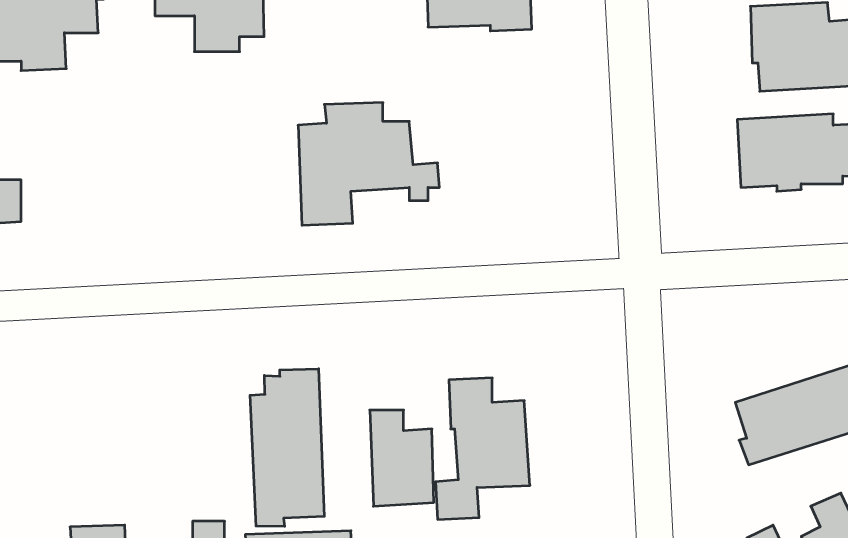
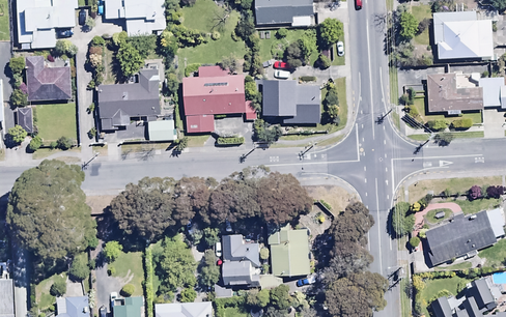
building: none -> [26,56,73,100]
building: none -> [94,69,174,141]
building: none -> [264,83,320,122]
building: [250,369,324,526] -> none

